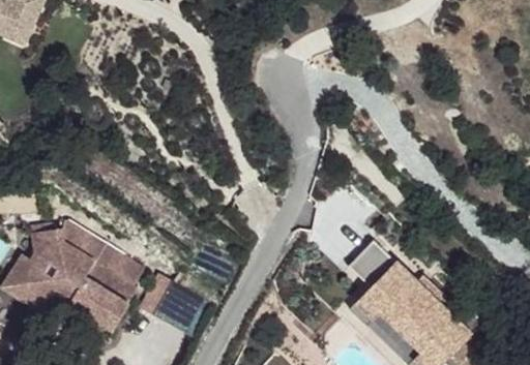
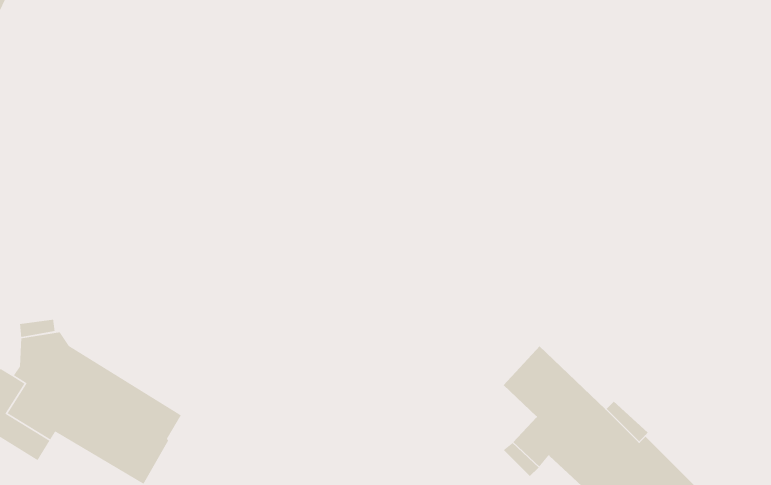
building: [58,229,146,283] -> none

